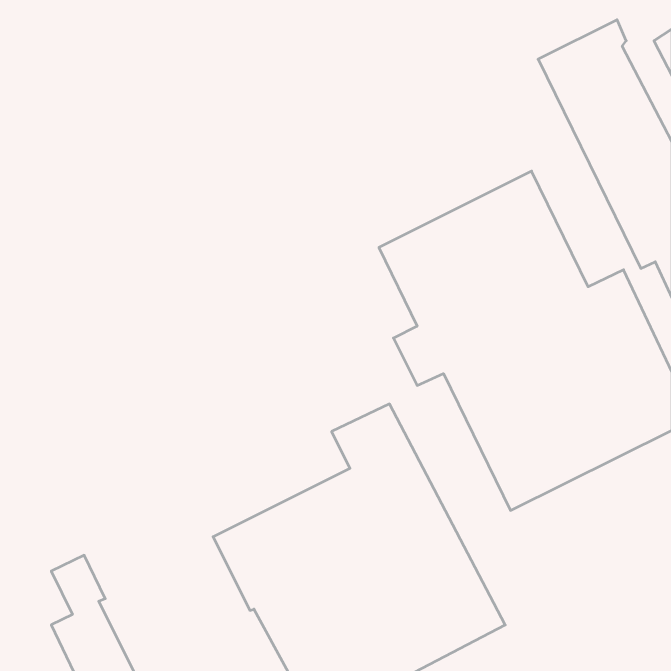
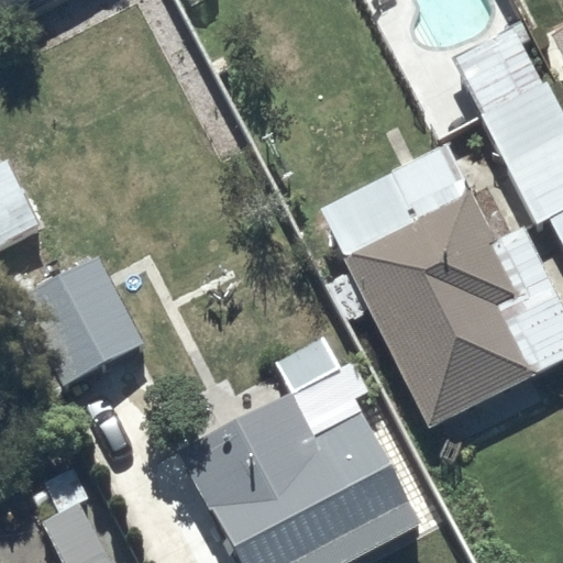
building: none -> [18,258,145,388]

